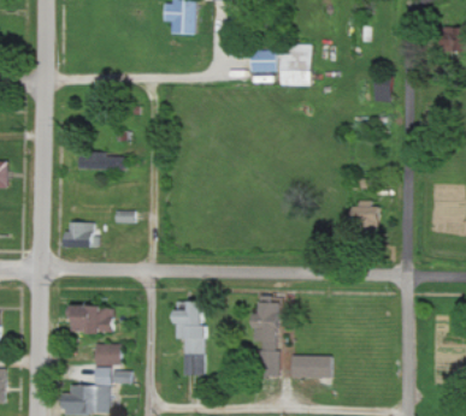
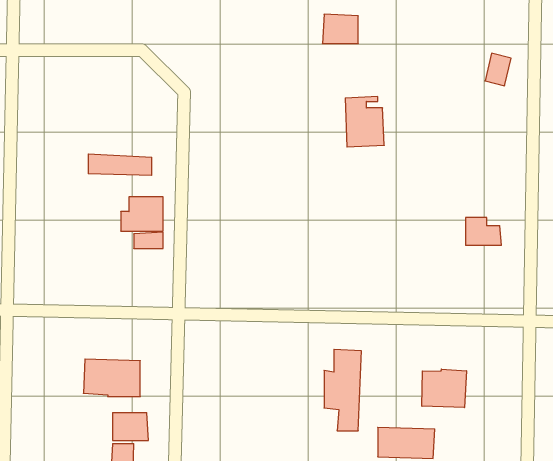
building: [279,49,308,87] -> [345,97,384,147]
building: [61,222,93,248] -> [121,197,163,231]
building: [173,302,207,375] -> none
building: none -> [422,369,466,408]

